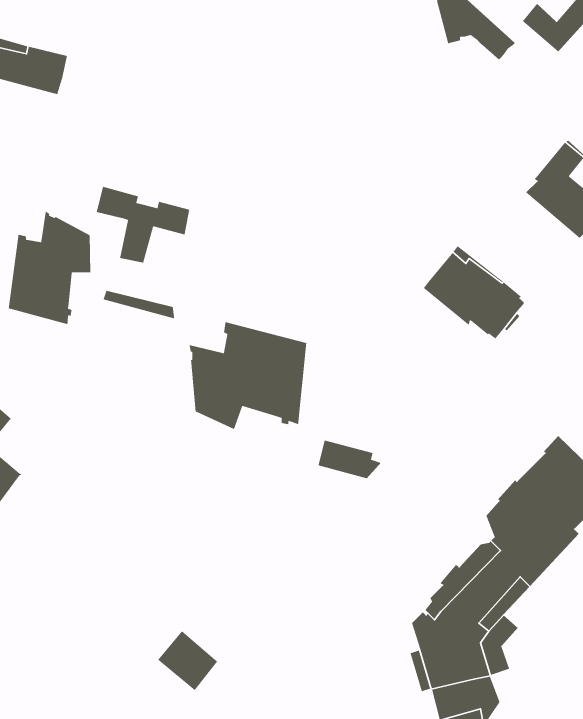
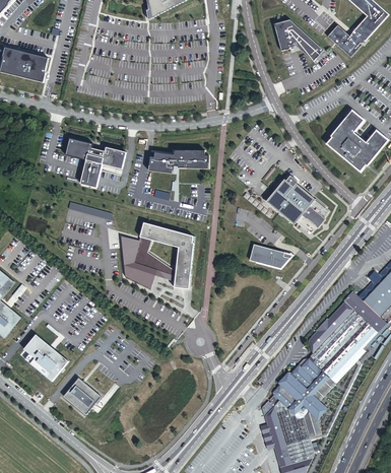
building: none -> [150,149,209,173]
building: [8,210,91,325] -> none
building: [317,439,382,479] -> [250,244,289,268]
building: none -> [25,334,68,381]
building: [157,630,218,691] -> [65,377,103,414]

